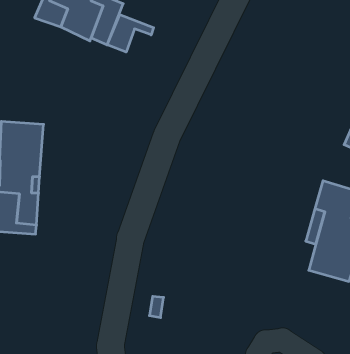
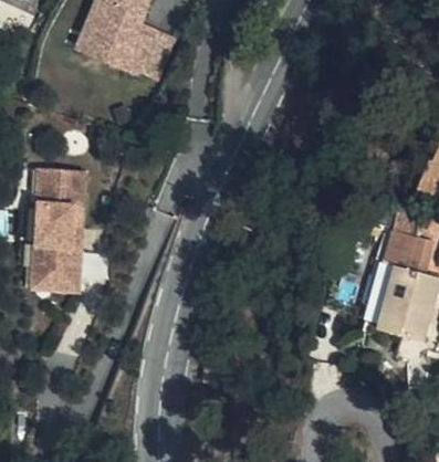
building: [107,15,154,52] -> none

